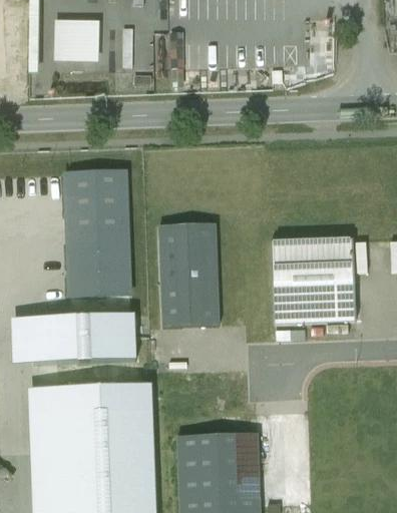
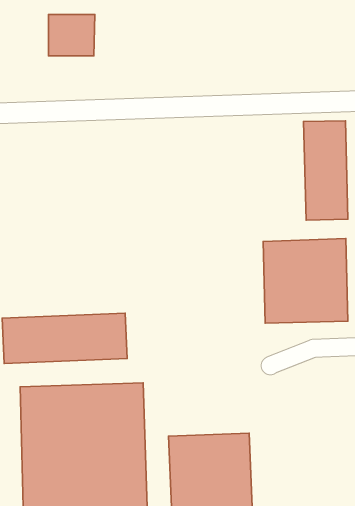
building: none -> [304,121,348,220]
building: [65,170,129,296] -> none
building: [158,223,219,327] -> none

